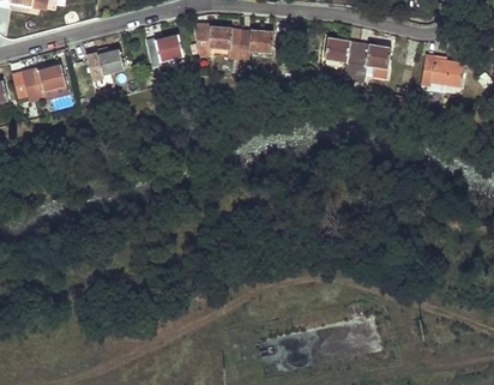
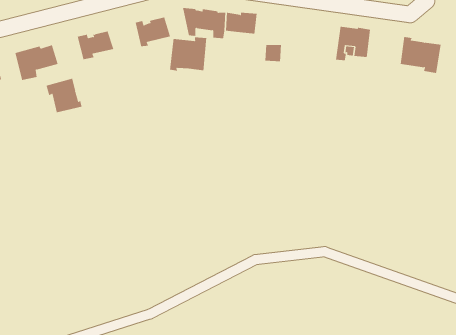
building: [324,38,359,80] -> none
building: none -> [169,36,207,71]
building: none -> [46,78,82,113]

